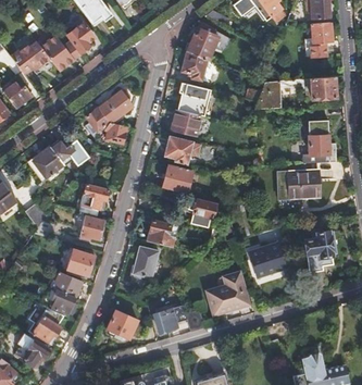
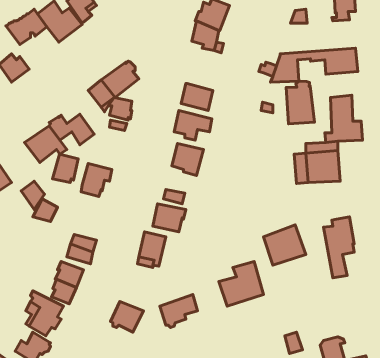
building: [178,83,211,115] -> none
building: none -> [286,81,314,124]
building: [190,199,217,227] -> none
building: [80,214,104,240] -> [52,154,78,182]

